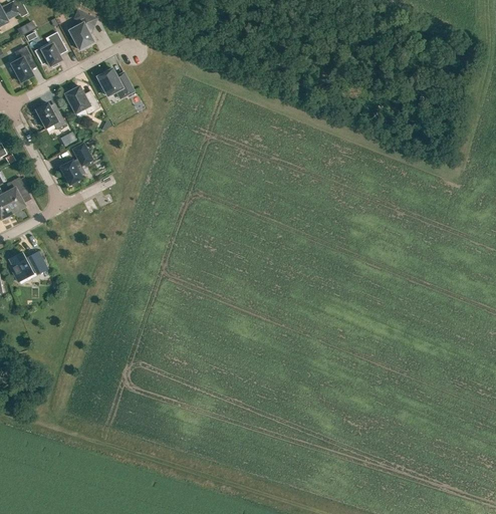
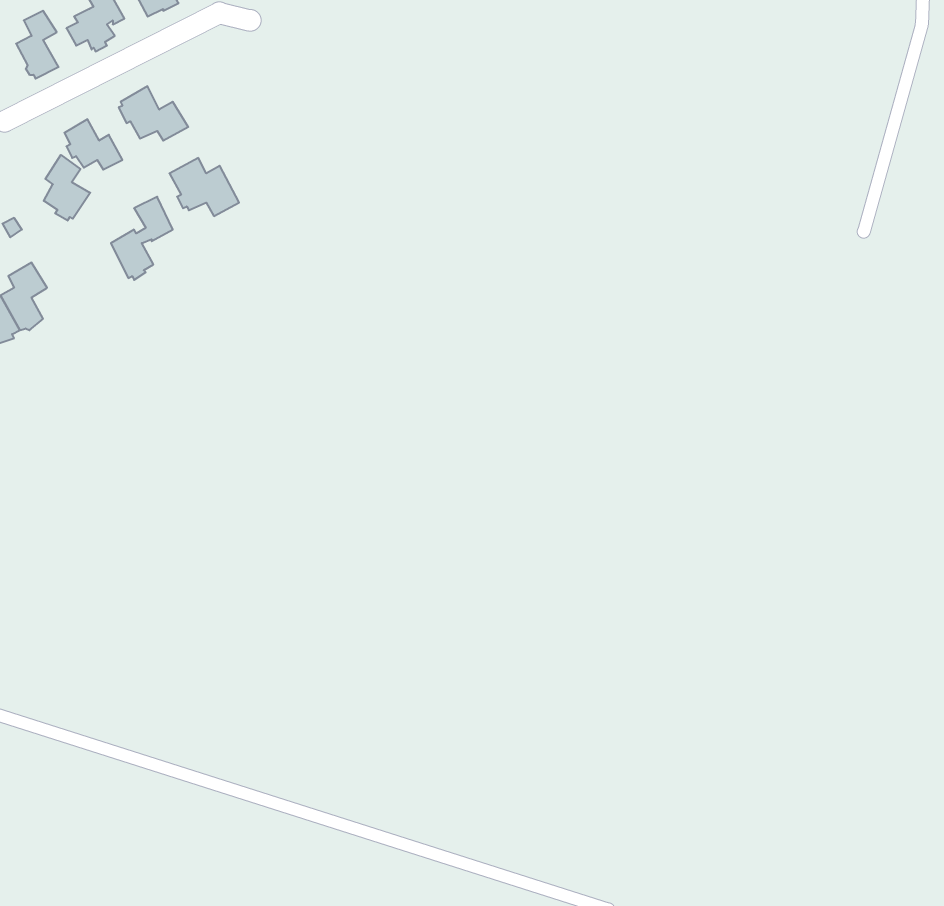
building: [97,68,134,98] -> [169,158,239,216]
building: none -> [44,155,90,221]
building: [9,251,47,281] -> none

